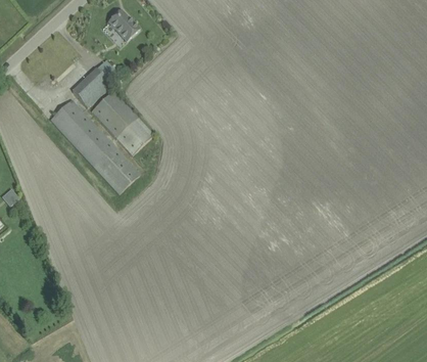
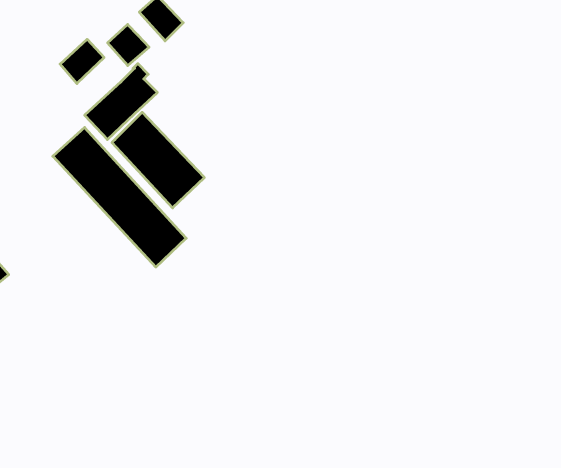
building: none -> [108,24,149,66]
building: none -> [60,39,104,84]

